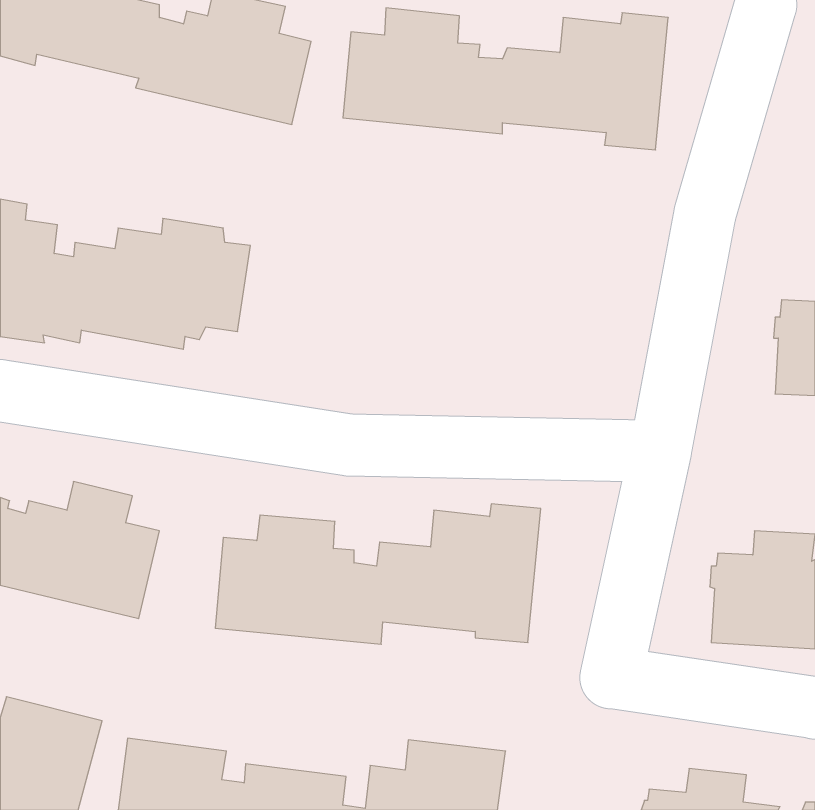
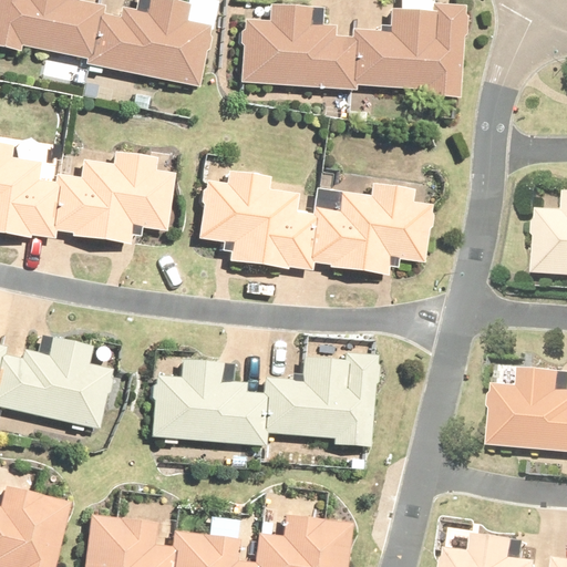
building: none -> [197,165,432,272]

